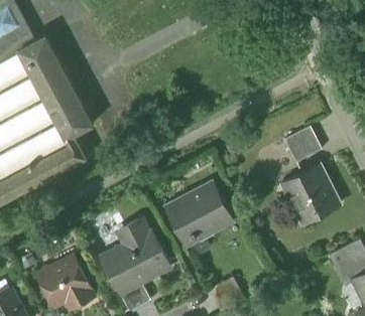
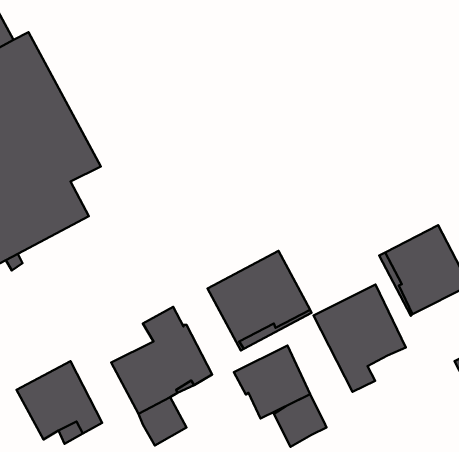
building: [283,126,322,162] -> none
building: none -> [313,285,406,392]
building: none -> [234,346,310,418]

